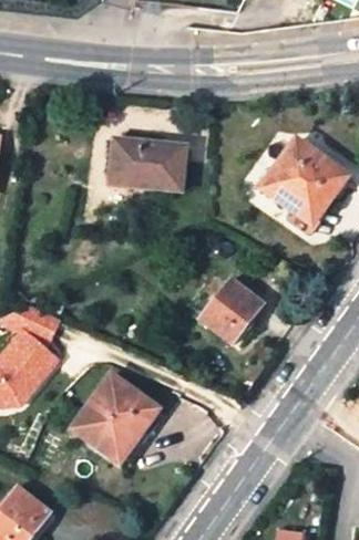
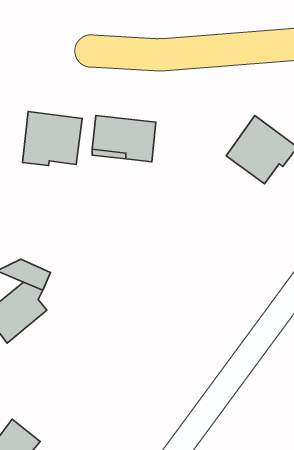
building: none -> [22,111,82,165]
building: [198,279,261,343] -> none
building: [72,375,158,463] -> none

